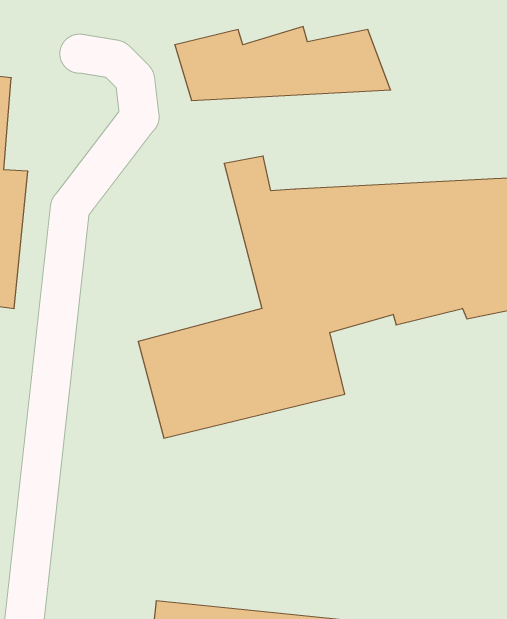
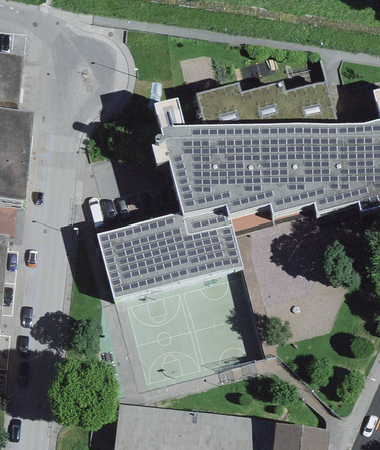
building: [175,27,391,100] -> [196,82,339,131]

